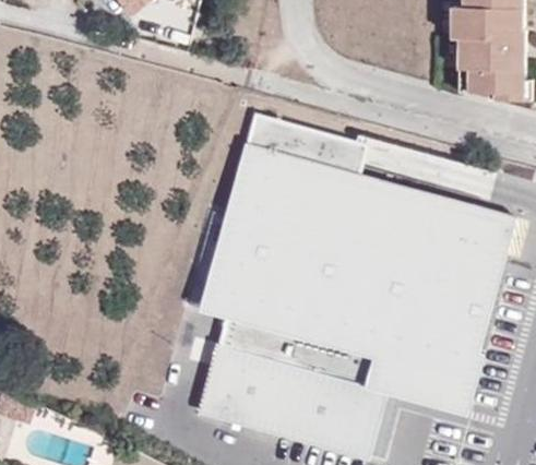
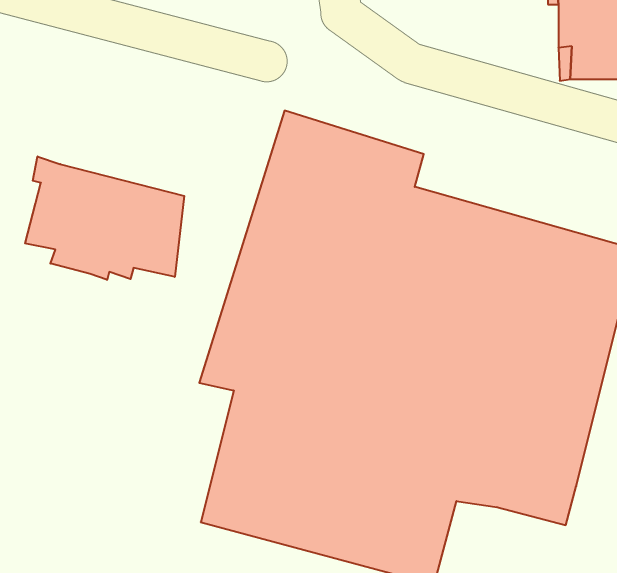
building: none -> [25,156,184,280]

